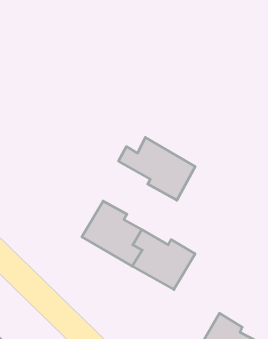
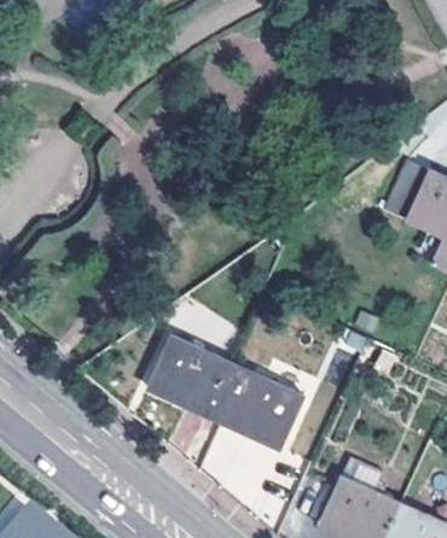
building: [119,137,195,200] -> none

